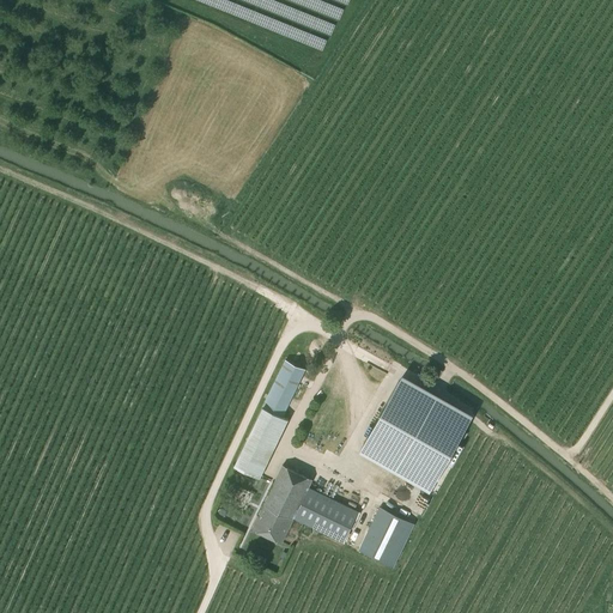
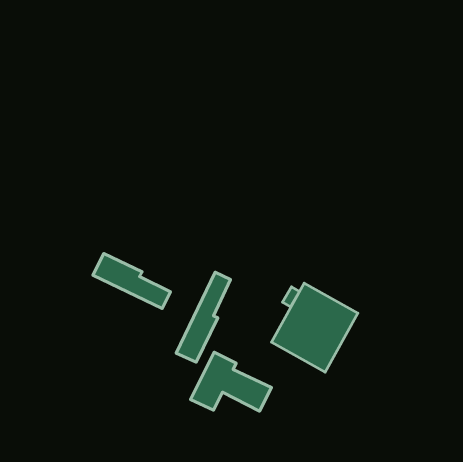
building: none -> [93,253,171,309]
building: [358,509,414,569] -> none

